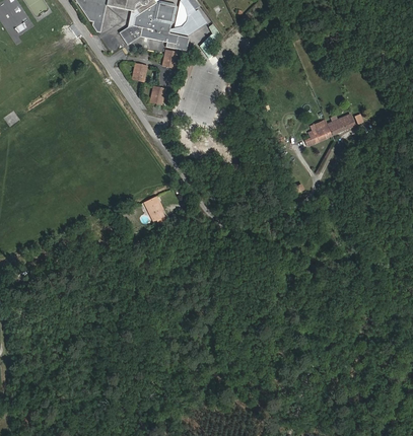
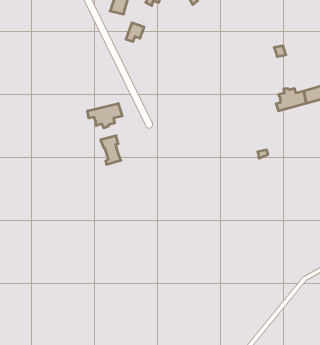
building: none -> [88,103,122,128]

